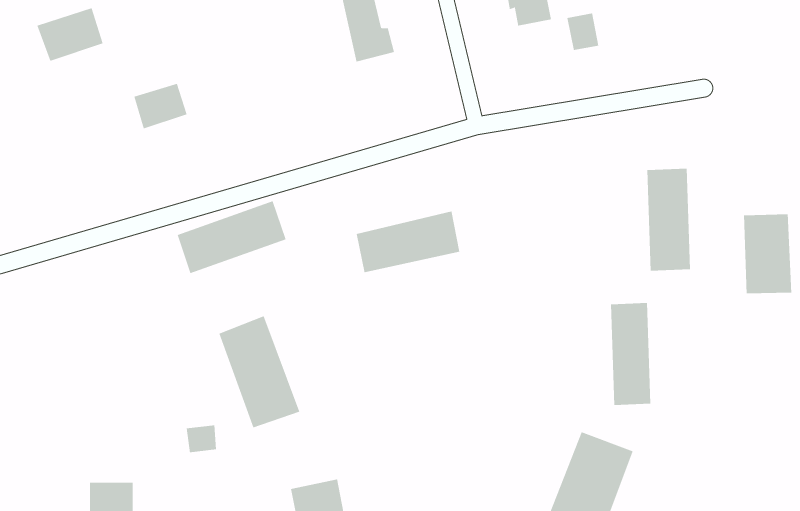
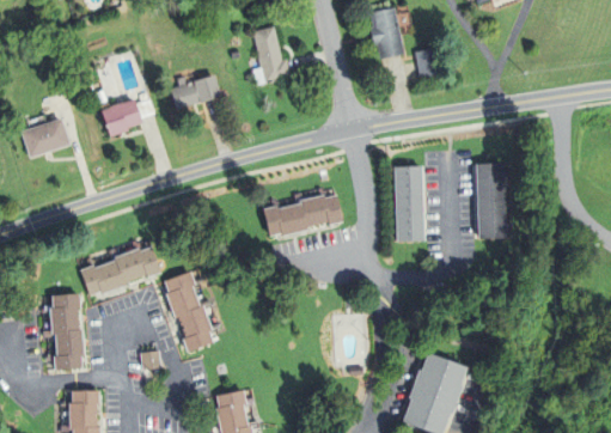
building: [37,8,104,62] -> [20,118,69,158]
building: none -> [170,75,220,109]
building: [177,200,286,274] -> [80,245,160,299]
building: [743,213,792,294] -> none
building: [610,302,651,405] -> [393,166,423,242]
building: none -> [48,294,84,372]

